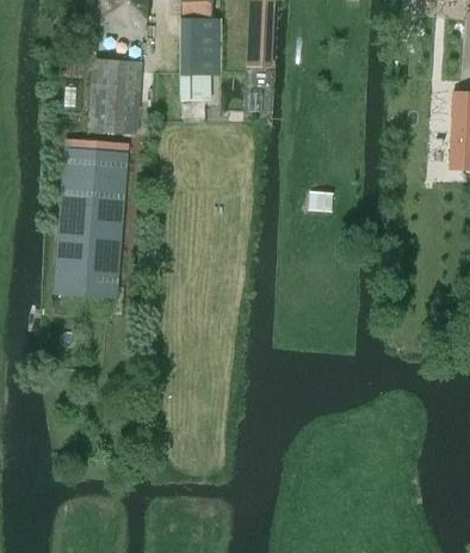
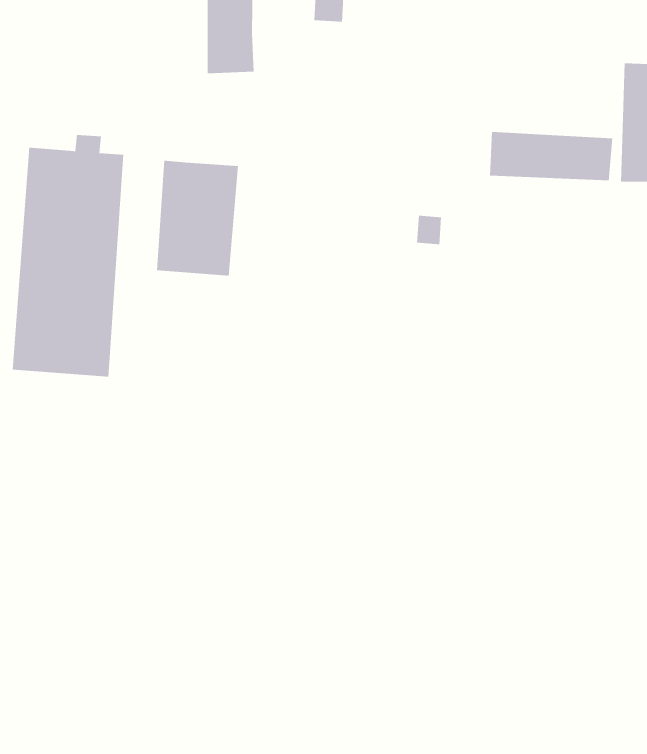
building: [88,56,142,131] -> [156,160,239,276]
building: none -> [490,131,613,181]

